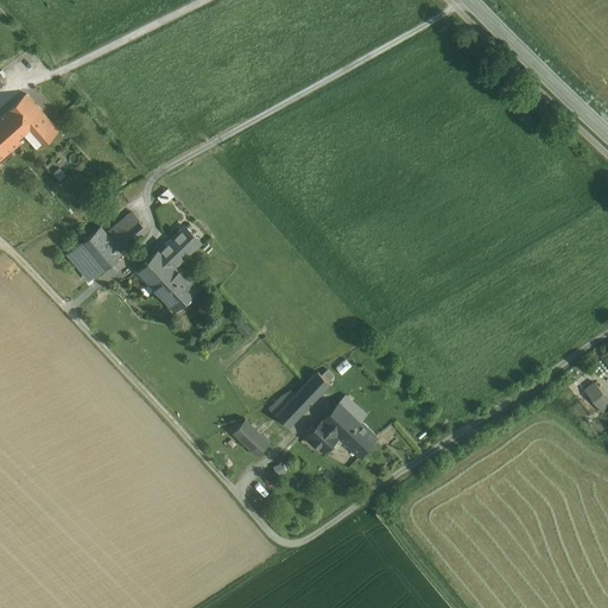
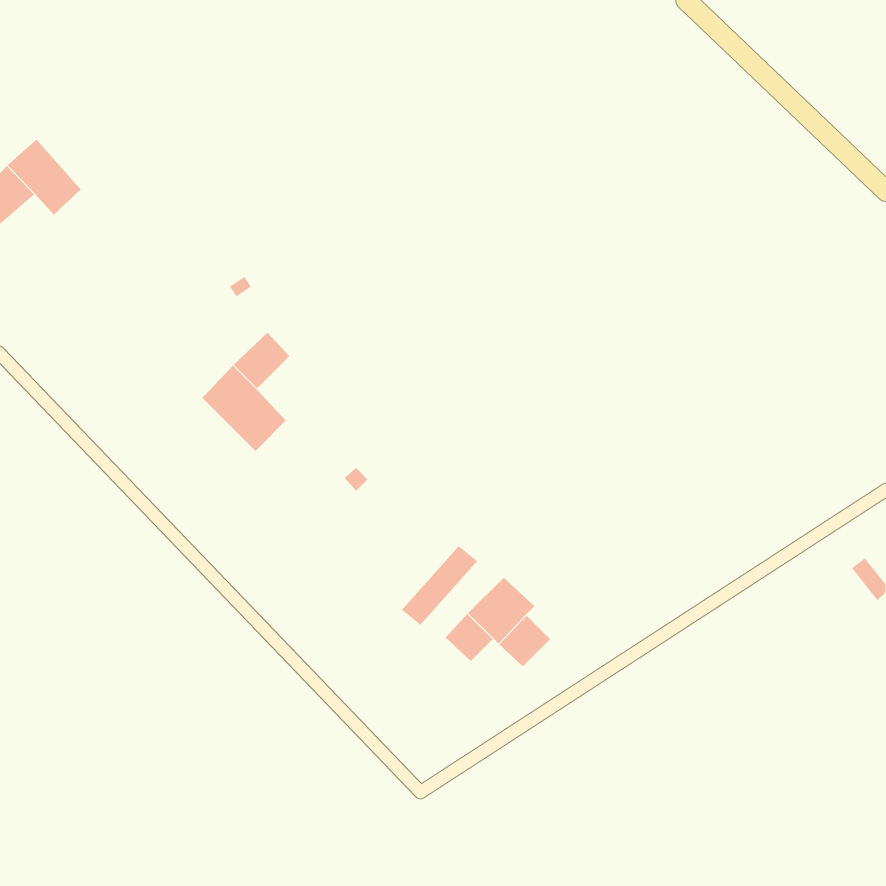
building: [71,214,145,277] -> none
building: [230,420,267,456] -> none

